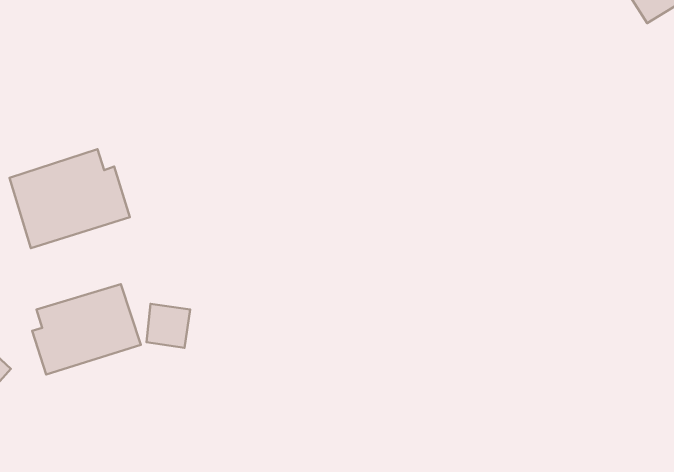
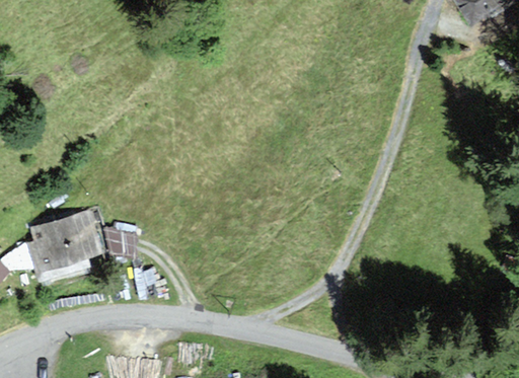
building: [9,149,130,248] -> none

